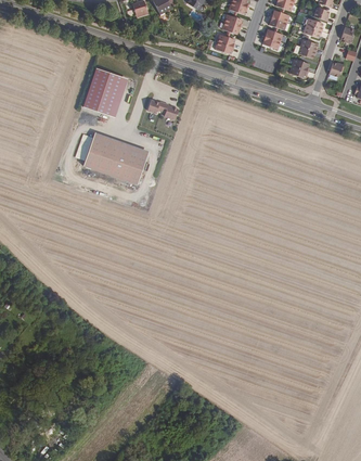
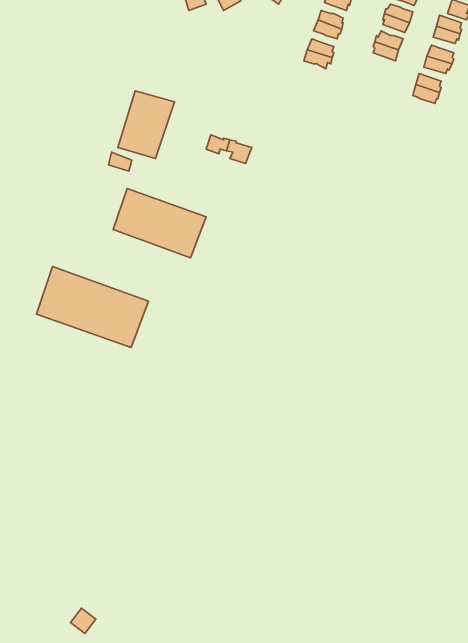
building: none -> [36,267,148,348]

